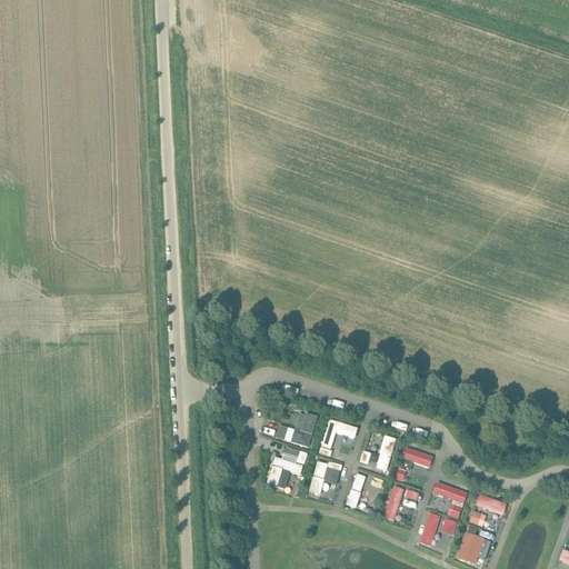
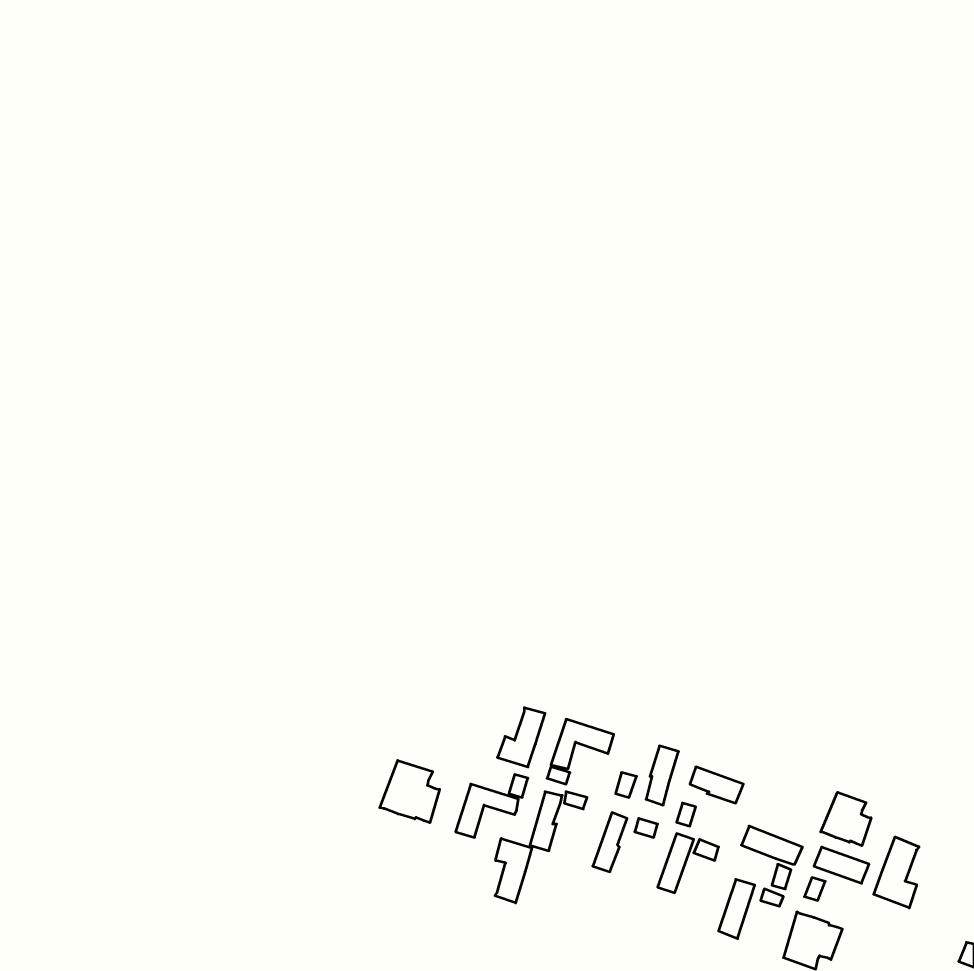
building: none -> [380,760,440,823]
building: none -> [821,792,871,846]
building: none -> [874,837,919,908]
building: none -> [495,838,532,903]

